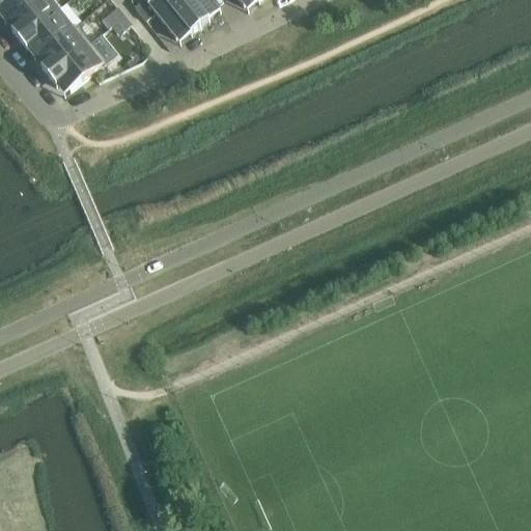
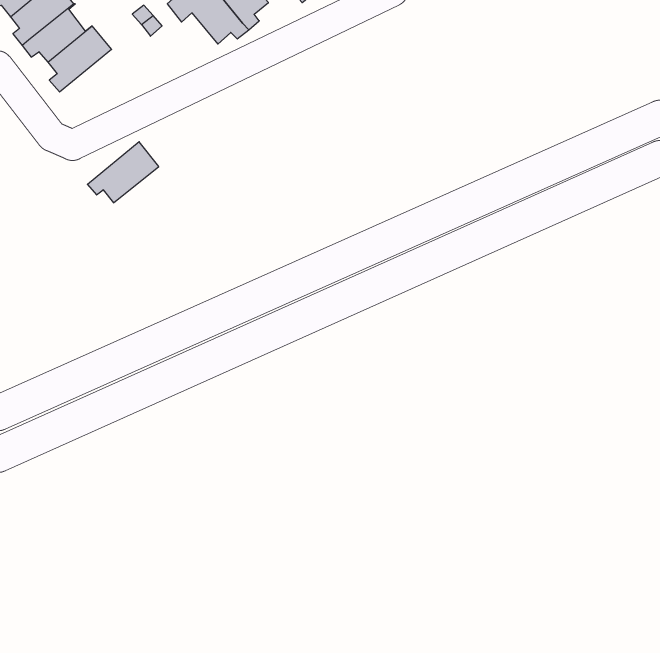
building: [48,39,105,88] -> [87,142,159,203]

